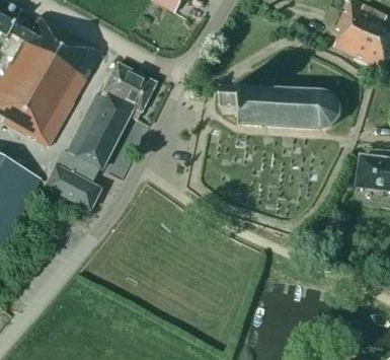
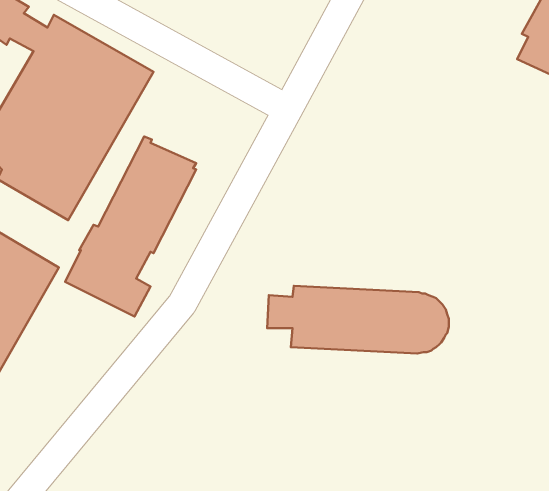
building: [98,63,155,120] -> none
building: [222,85,338,129] -> [267,286,449,354]

